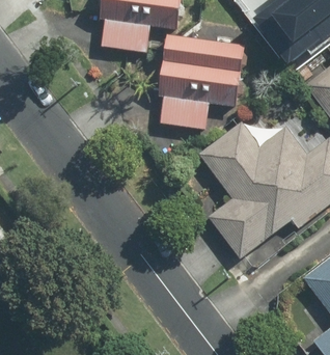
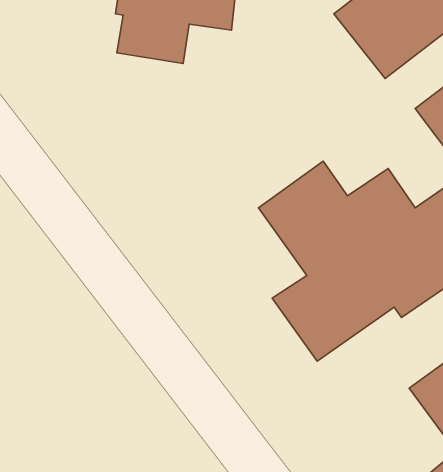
building: [159,34,247,129] -> none

